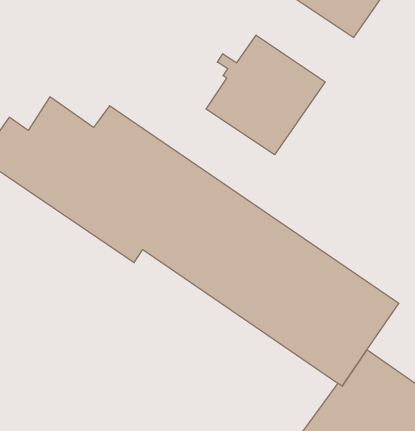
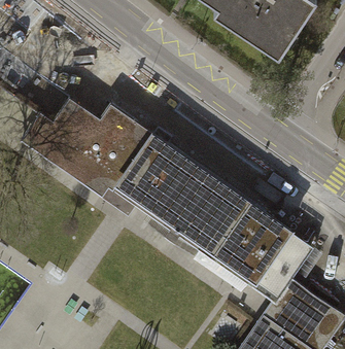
building: [206,35,325,155] -> none

